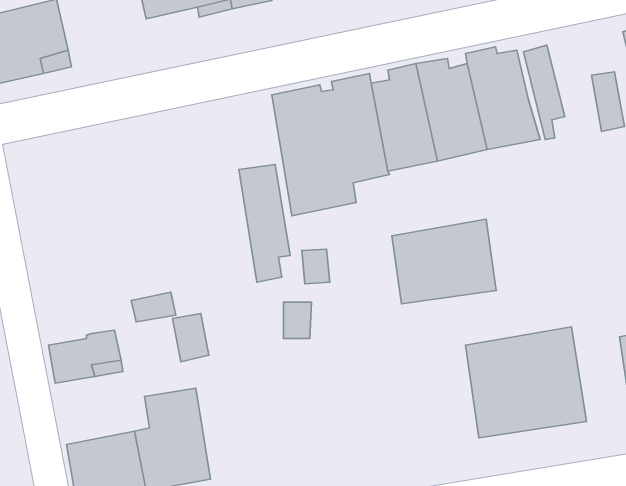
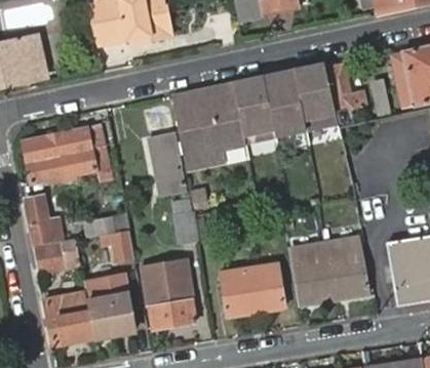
building: none -> [23,120,112,182]
building: [392,219,496,304] -> [221,263,285,316]
building: none -> [26,196,62,247]
building: none -> [146,268,197,328]

